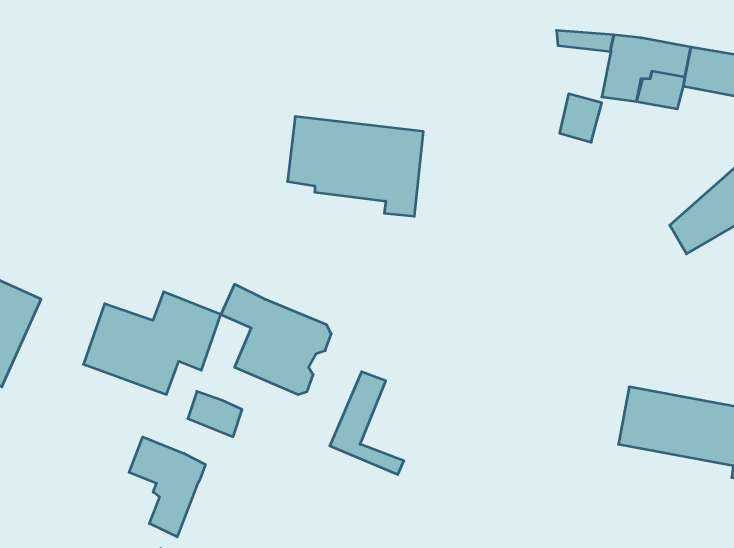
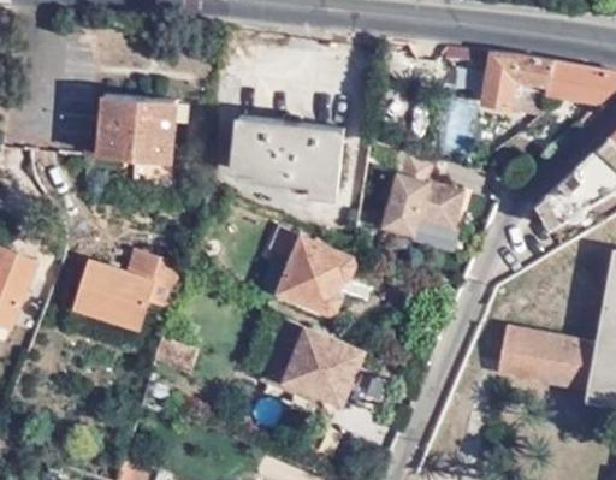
building: none -> [99,97,174,162]
building: none -> [377,146,466,236]
building: [221,284,331,394] -> [265,220,353,308]
building: none -> [289,327,366,401]
building: [129,437,205,537] -> none

